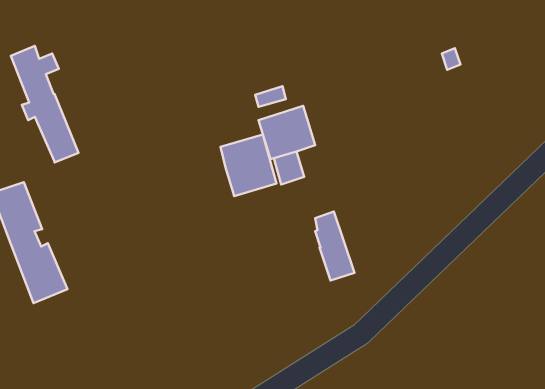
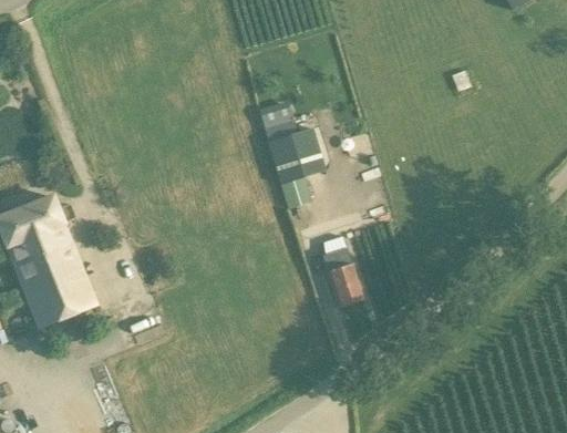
building: [11,46,78,163] -> [28,194,96,312]
building: [220,134,277,196] -> none

